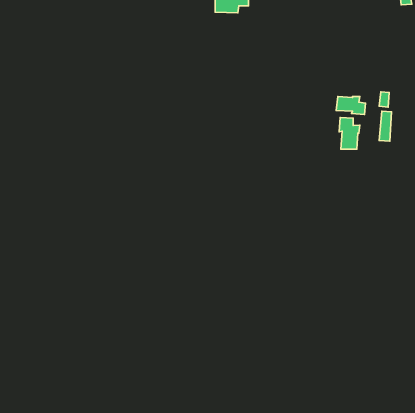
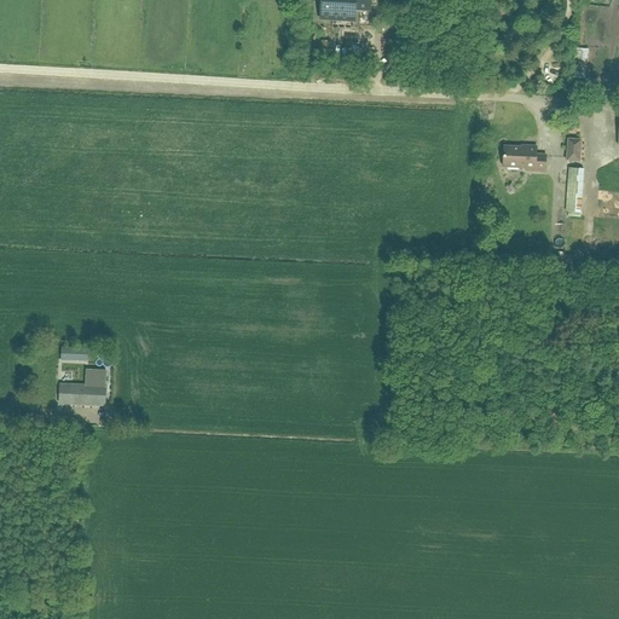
building: [339,117,360,149] -> none
building: none -> [60,369,105,403]

